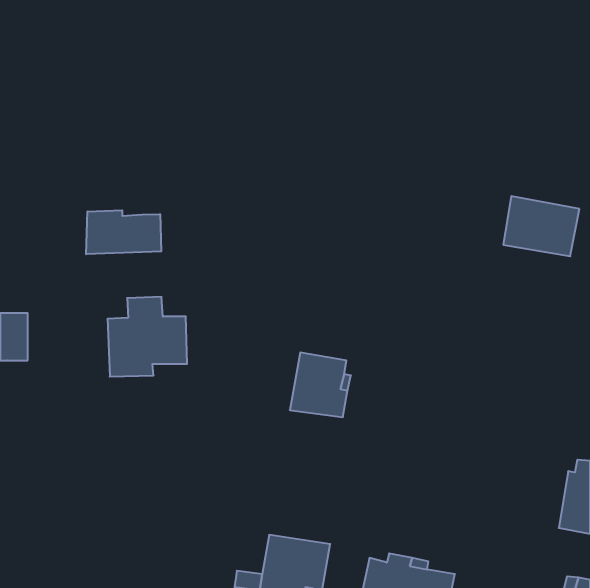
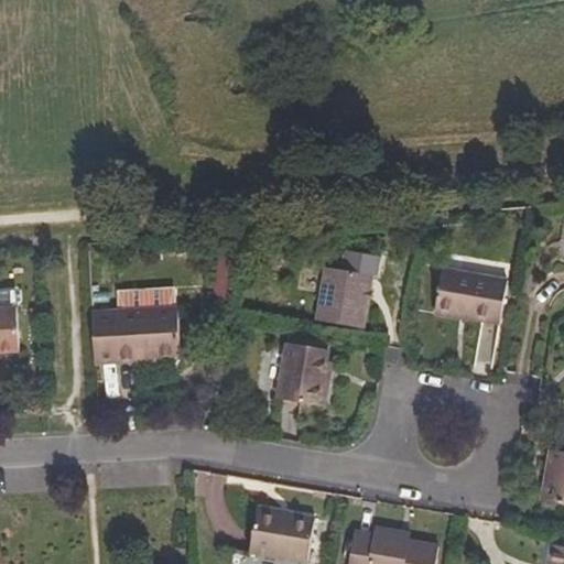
building: [503,196,579,256] -> [430,267,502,324]
building: [86,210,161,254] -> none
building: none -> [318,248,382,324]

